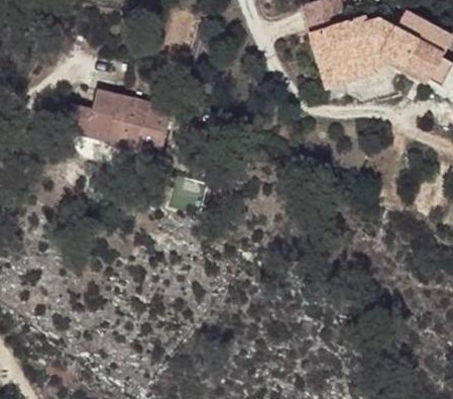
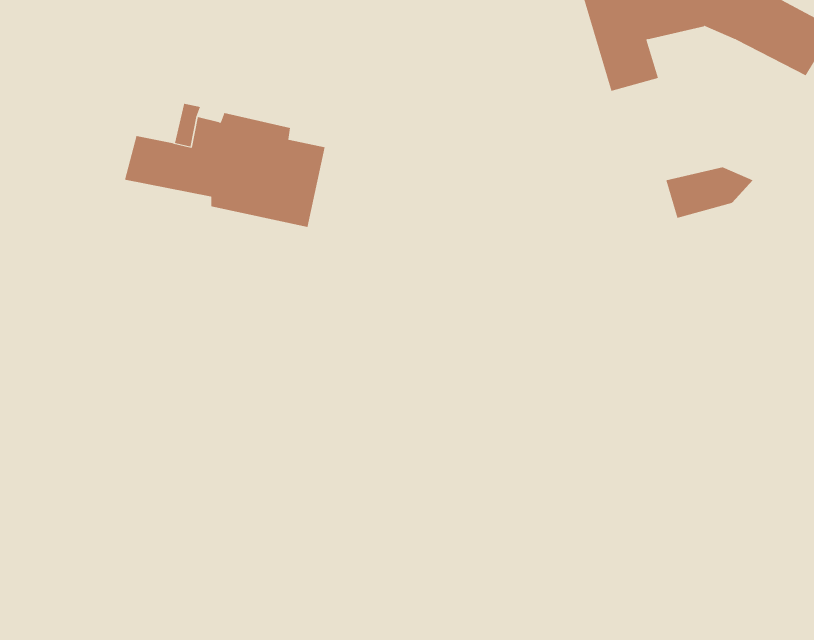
building: [343,51,389,78] -> [665,167,754,218]

